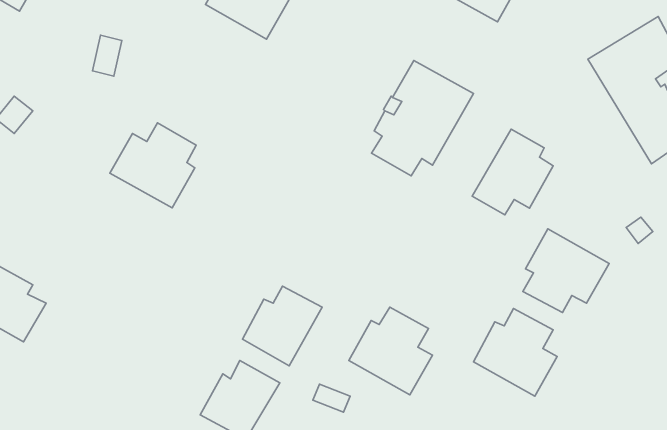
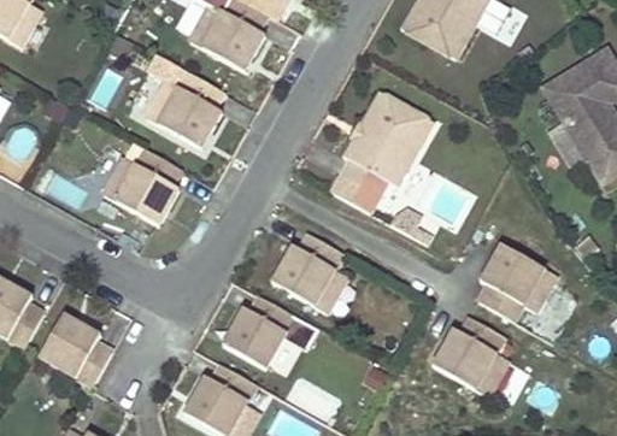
building: none -> [147,72,225,149]
building: [472,129,553,215] -> none
building: none -> [34,314,112,390]
building: [349,307,432,395] -> [272,234,348,313]

